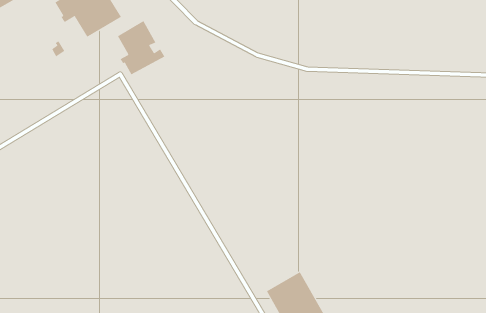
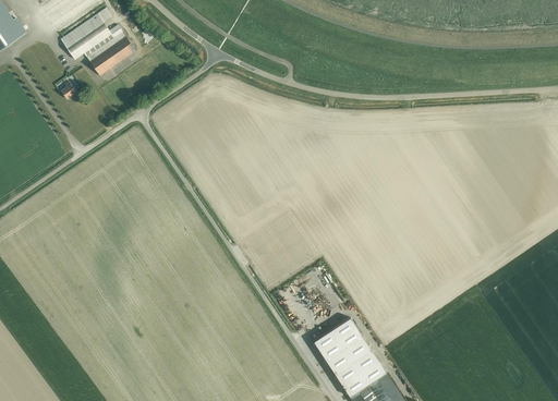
building: [117,20,165,75] -> none

